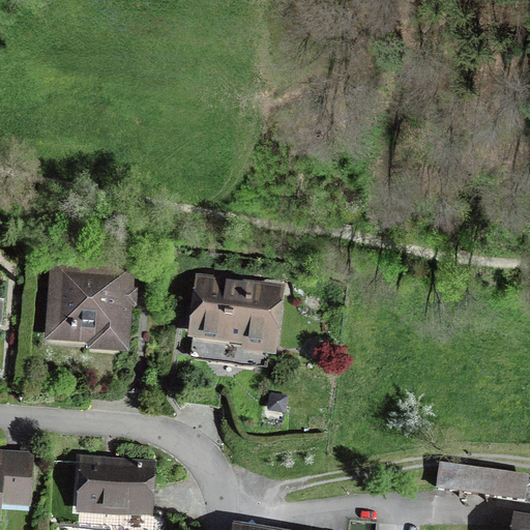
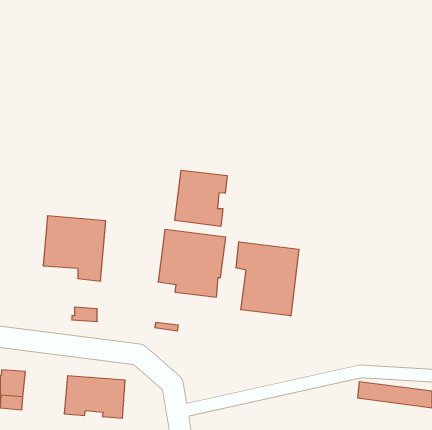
building: none -> [175,170,227,226]
building: none -> [236,242,299,316]

